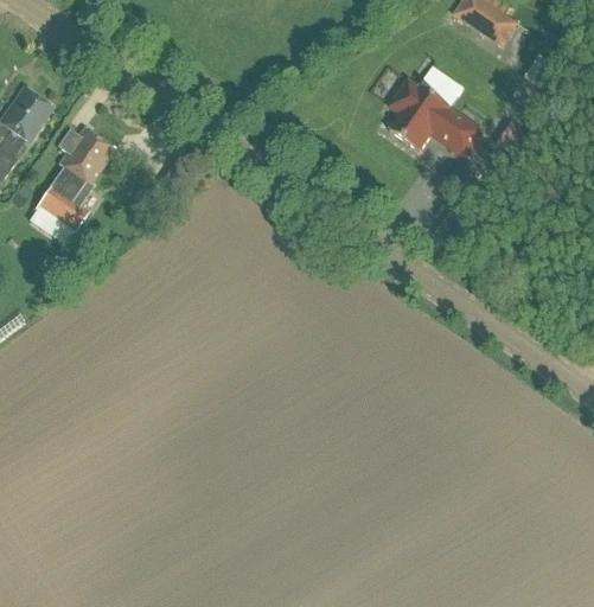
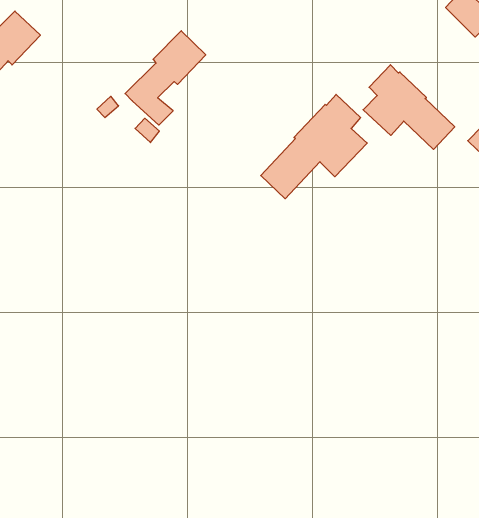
building: none -> [261,94,367,199]
building: [38,129,113,228] -> [125,31,206,125]

